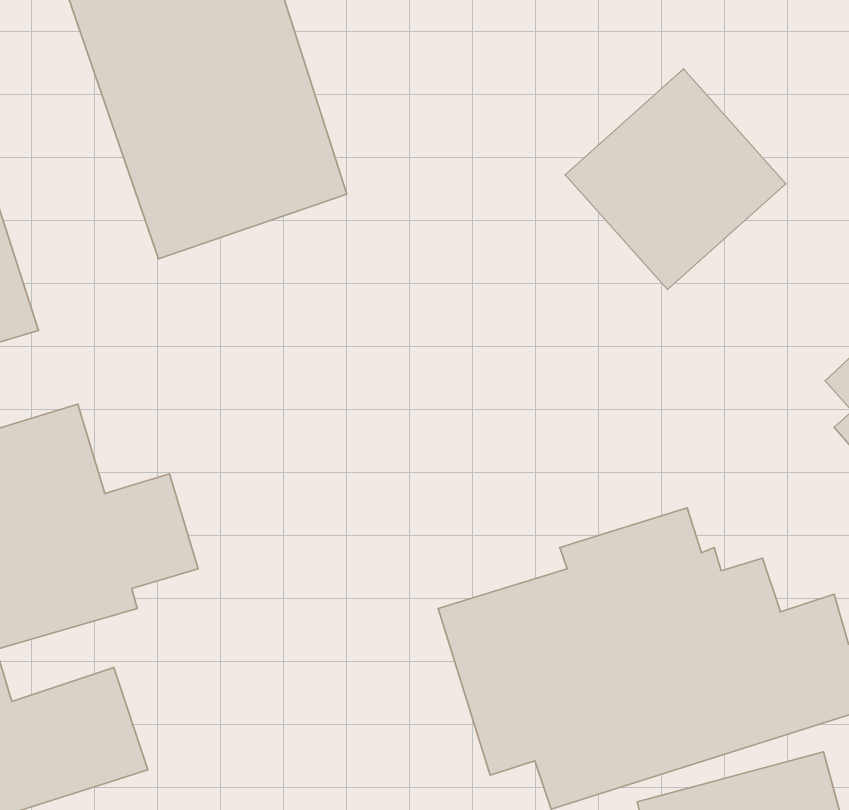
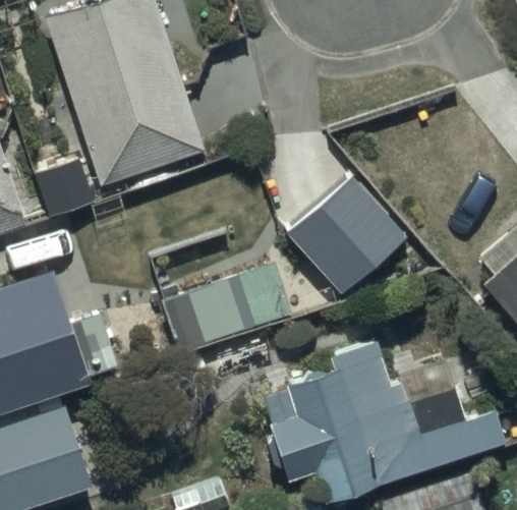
building: [565,69,786,289] -> [283,176,408,301]
building: none -> [162,263,295,355]

